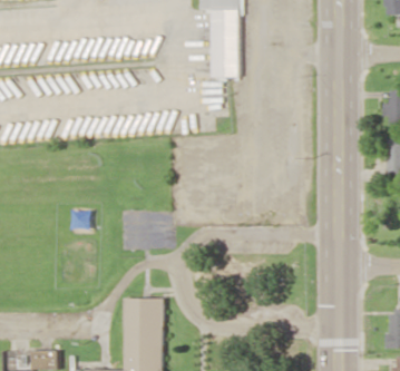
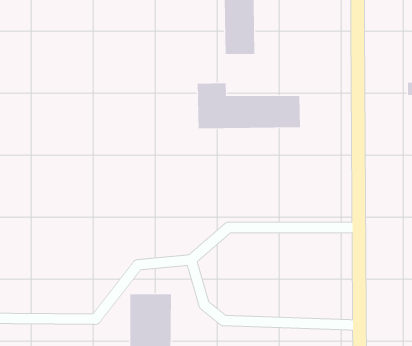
building: none -> [197,82,300,129]

